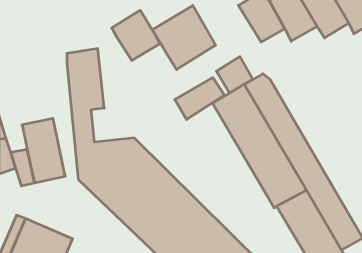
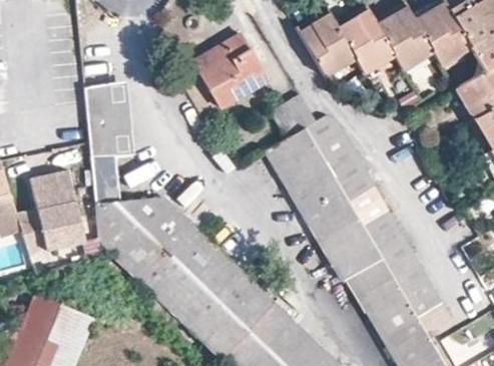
building: [112,10,160,61] -> none
building: [175,78,225,120] -> none

